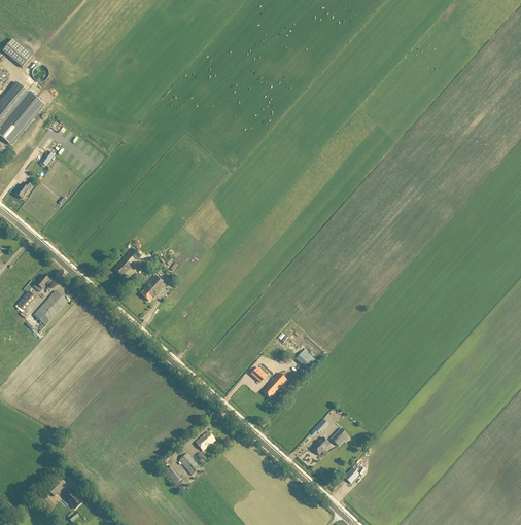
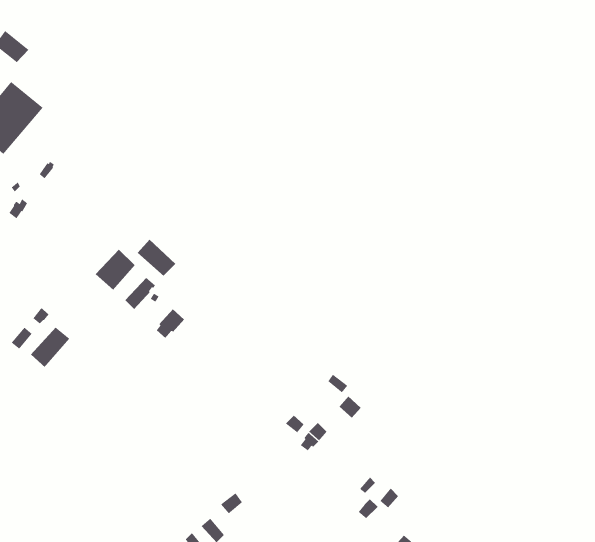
building: none -> [137,239,176,277]
building: none -> [95,249,136,291]

